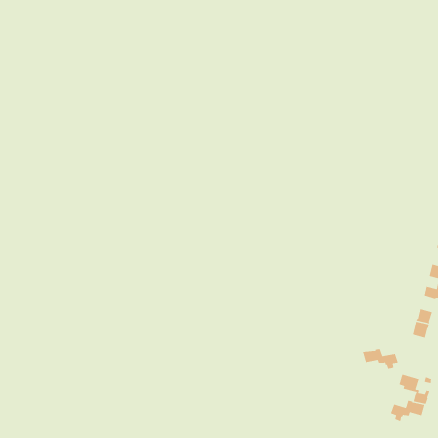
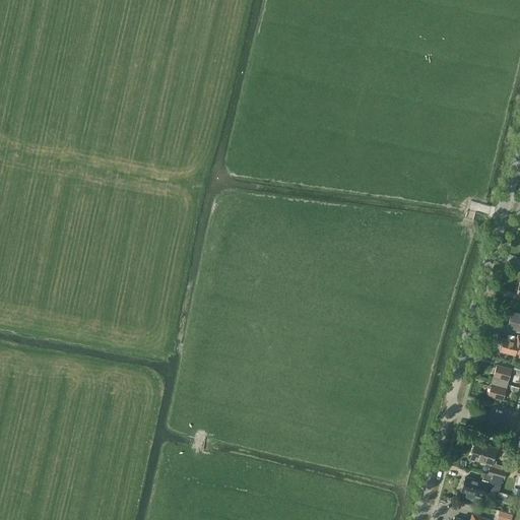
building: [362,348,399,369] -> none

